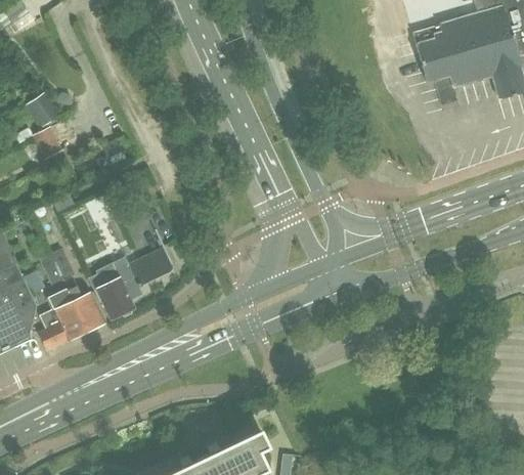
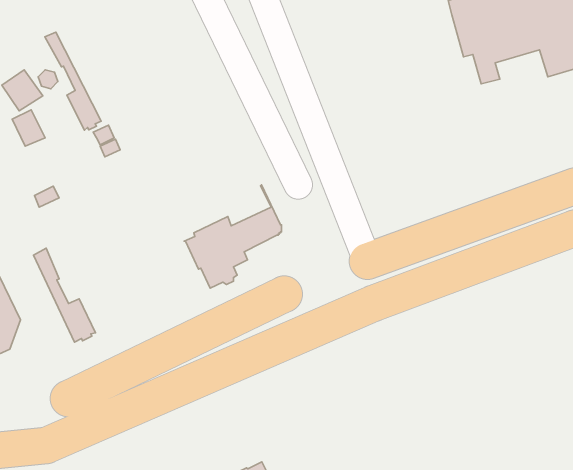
building: none -> [45,32,101,130]
building: [87,229,172,319] -> [184,185,282,288]
building: [34,244,86,350] -> none

